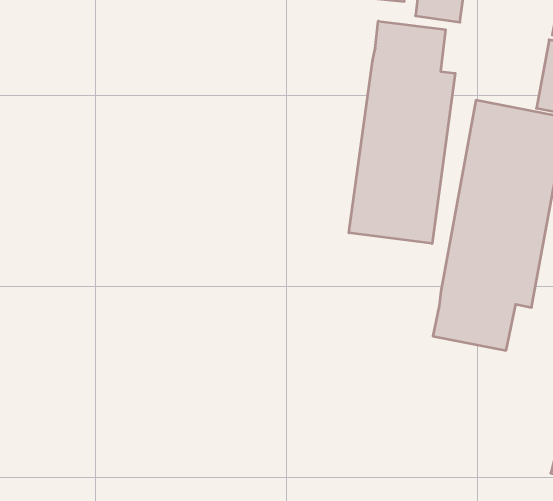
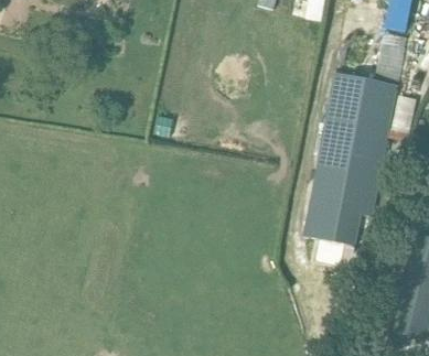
building: [349,21,455,244] -> none

